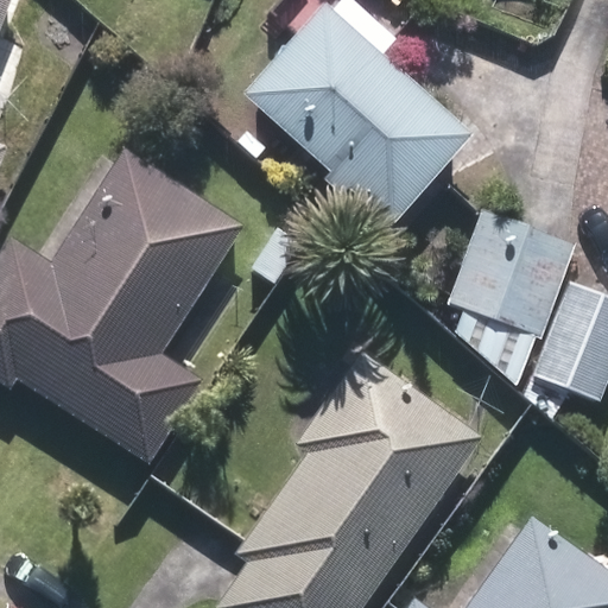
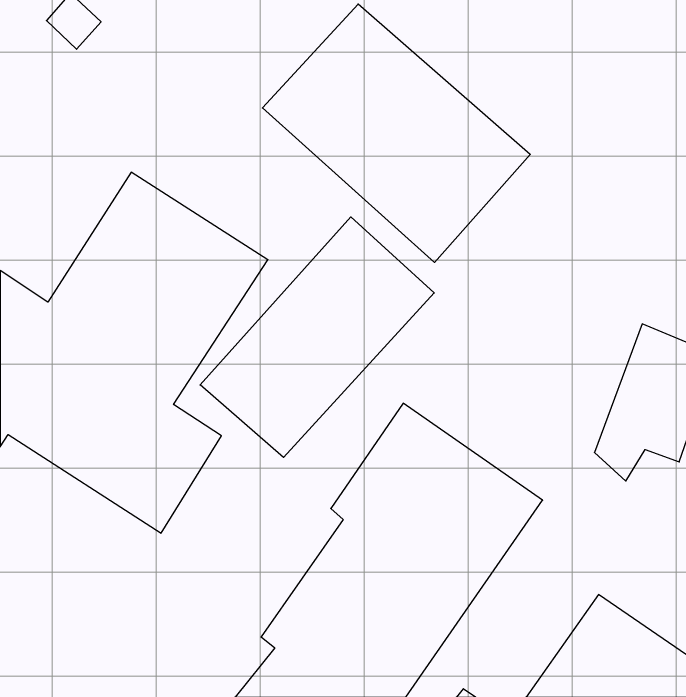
building: none -> [200,217,434,457]
building: [445,211,575,340] -> none

